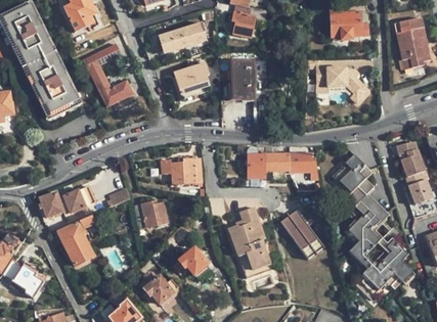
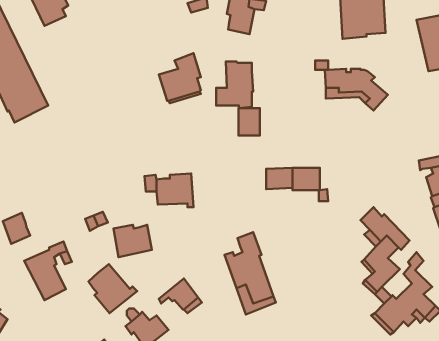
building: [158,22,205,54] -> none
building: [83,44,133,107] -> none
building: [247,153,265,177] -> [238,108,260,135]
building: [334,154,373,194] -> none
building: [59,186,95,216] -> none
building: [281,211,323,258] -> none
building: none -> [89,264,137,313]

